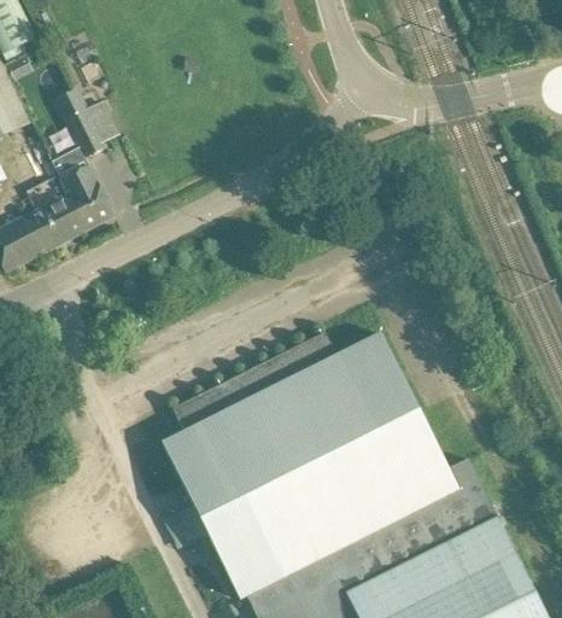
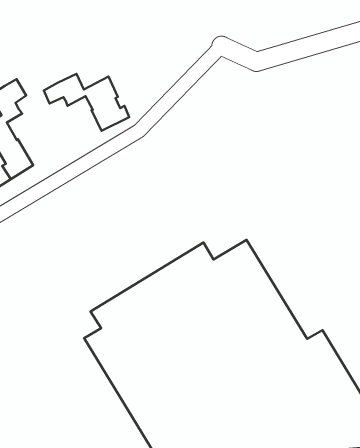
building: none -> [44,74,129,131]

